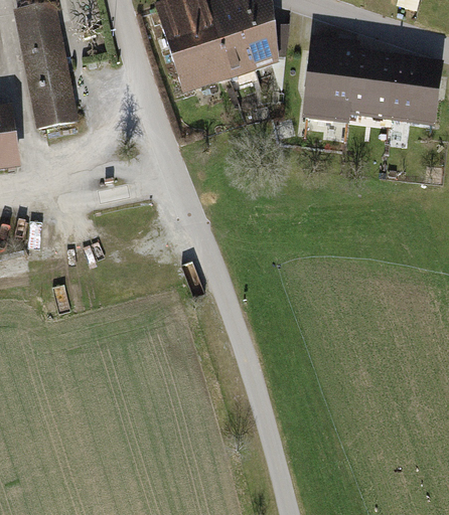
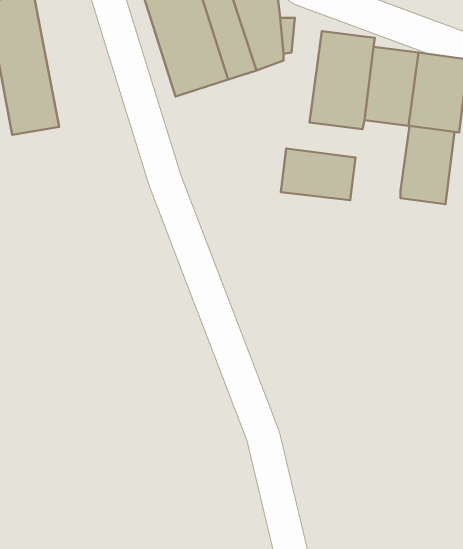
building: none -> [401,126,455,204]
building: none -> [281,148,355,200]

